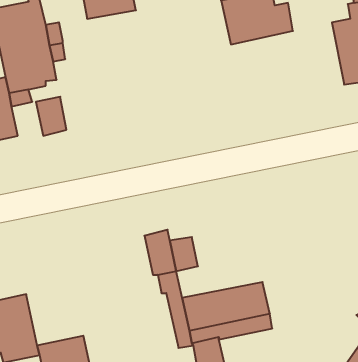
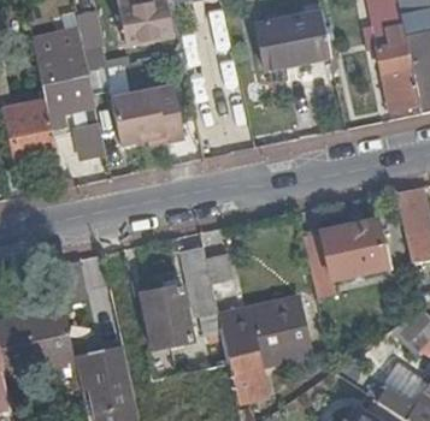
building: none -> [112,73,187,142]
building: none -> [304,221,387,298]
building: none -> [140,289,190,348]

